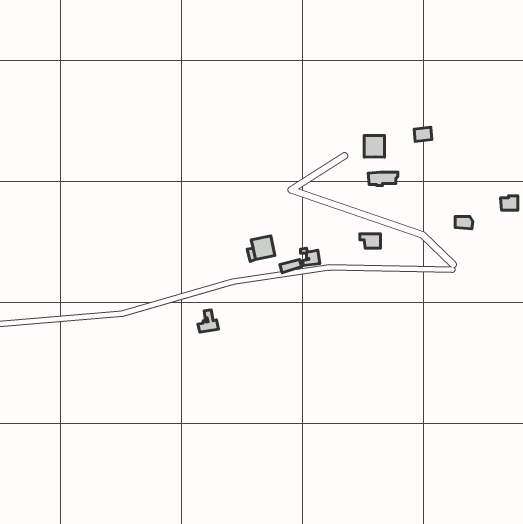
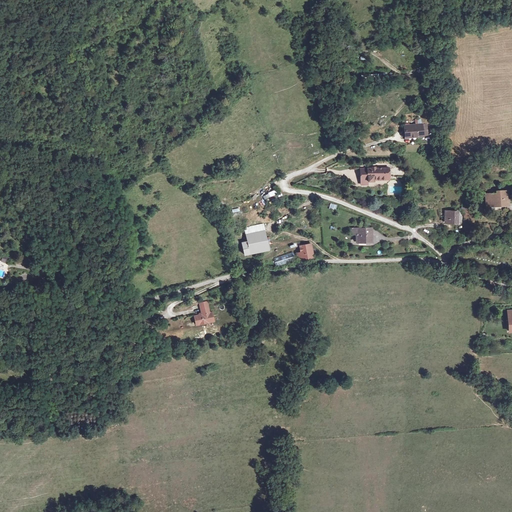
building: [364,135,385,157] -> none

